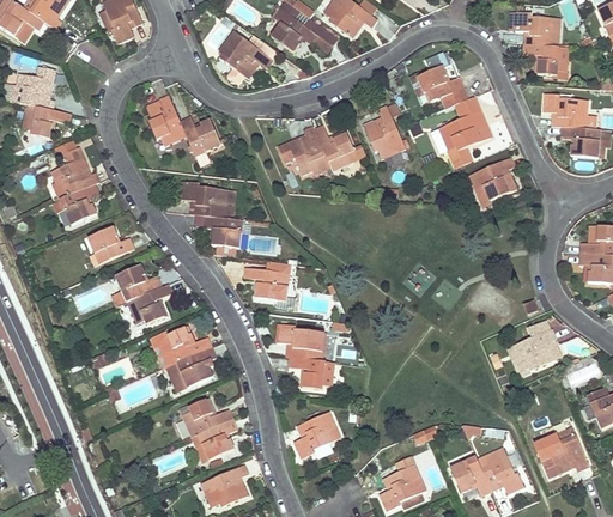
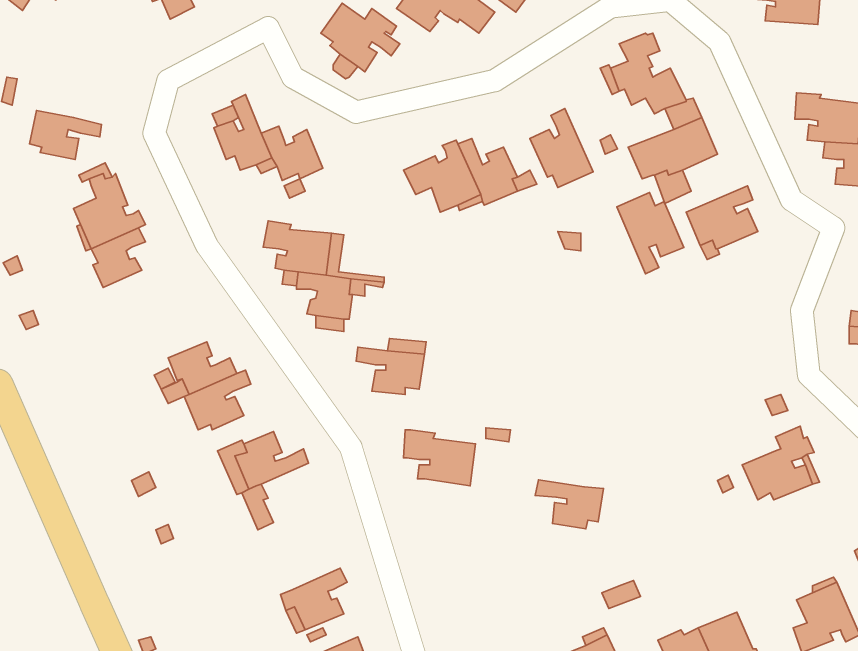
building: [522,44,570,75] -> none
building: [13,67,56,110] -> none
building: none -> [617,192,684,274]
building: [89,227,135,263] -> none
building: [180,346,218,387] -> none
building: [289,357,335,390] -> [535,480,604,529]
building: [182,396,233,436] -> none
building: [295,410,341,458] -> none

